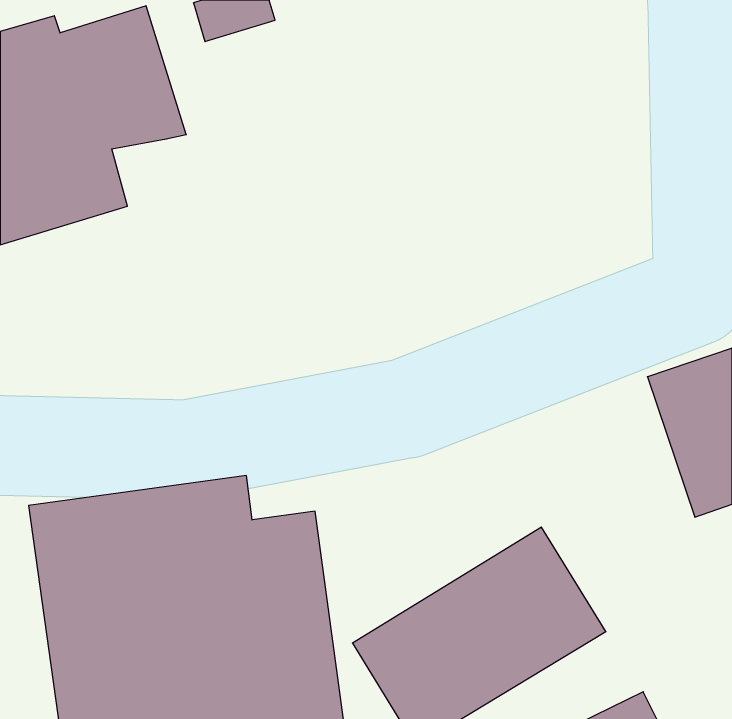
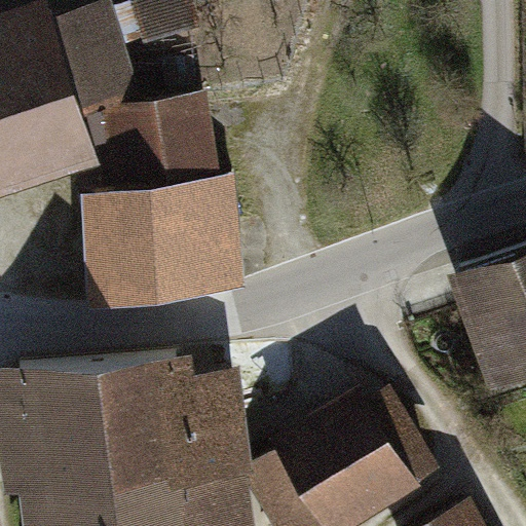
building: none -> [101,99,227,306]

